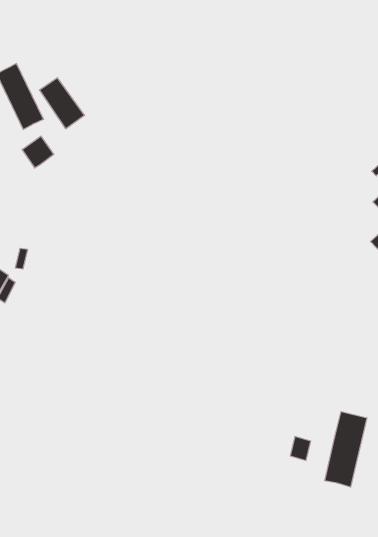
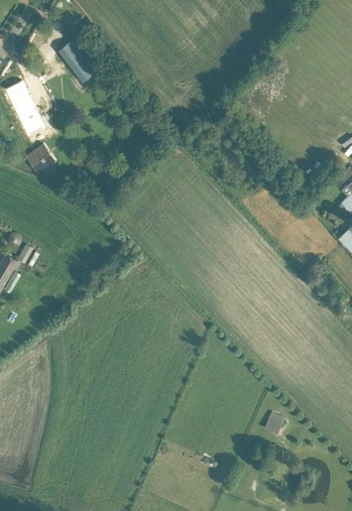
building: [39,78,85,129] -> [58,37,99,83]
building: [325,412,367,487] -> none

